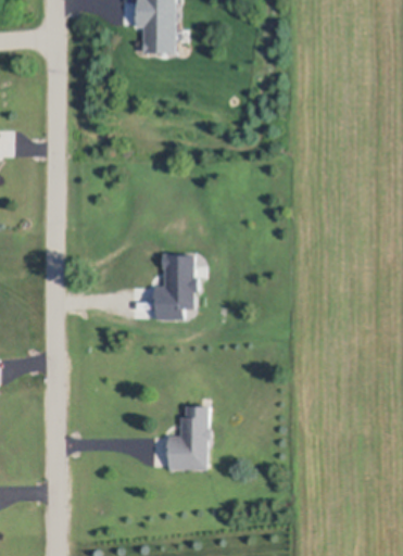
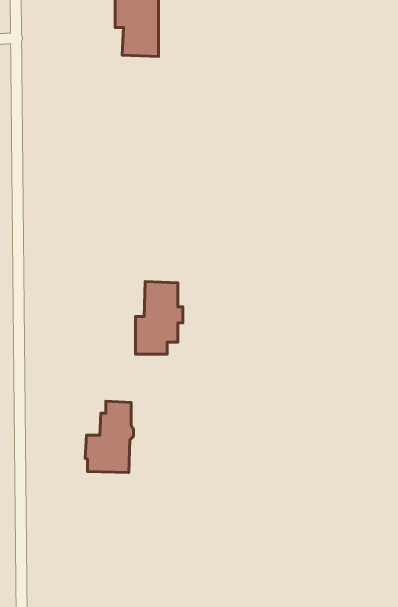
building: [166,404,210,468] -> [85,401,134,473]

